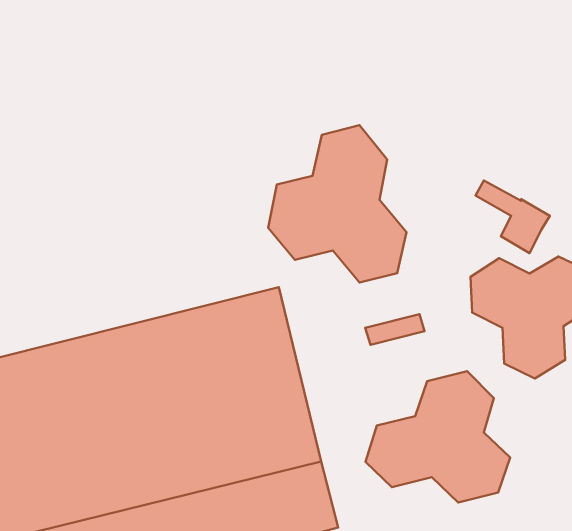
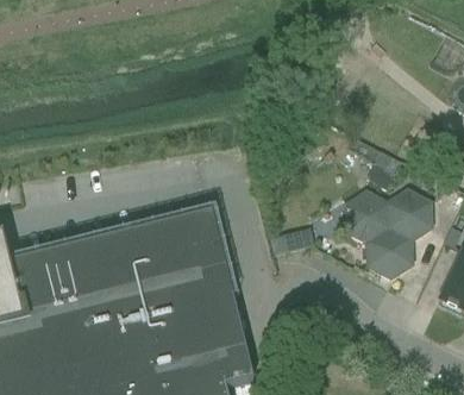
building: [268,125,406,283] -> none
building: [366,371,510,502] -> none

